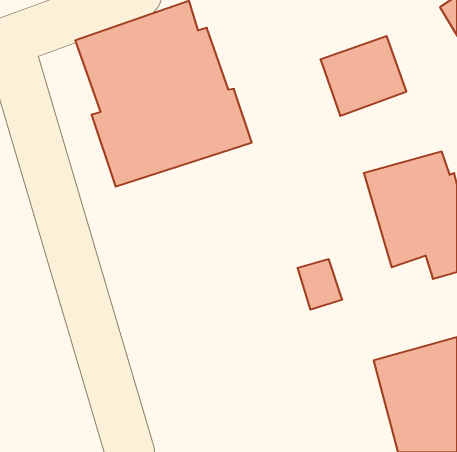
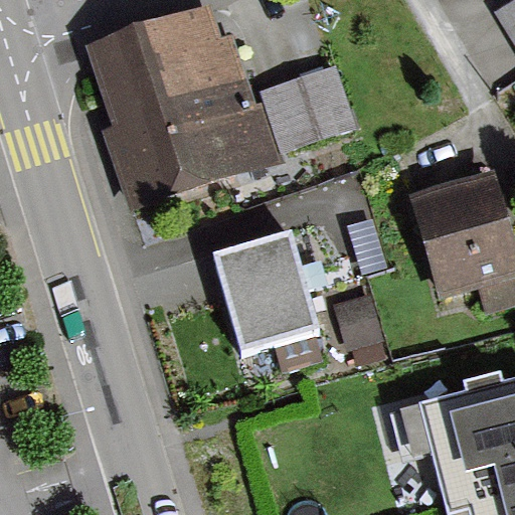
building: [320,36,406,116] -> [262,62,358,152]
building: none -> [212,231,322,354]

